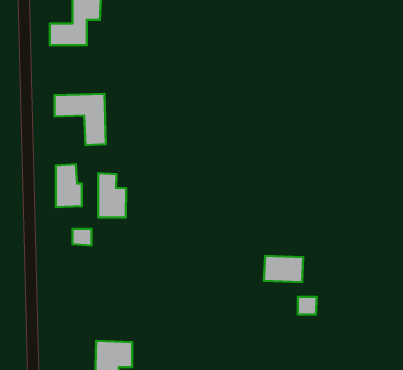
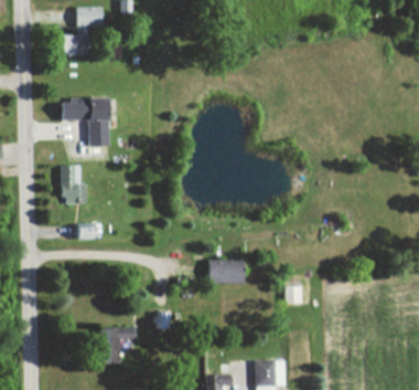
building: [98,173,126,217] -> none
building: [264,256,303,282] -> [207,259,244,283]

